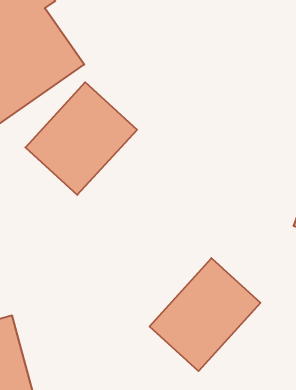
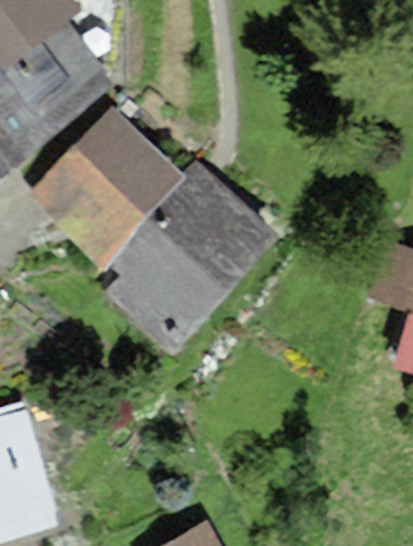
building: none -> [113,175,274,346]
building: [150,258,260,371] -> none

